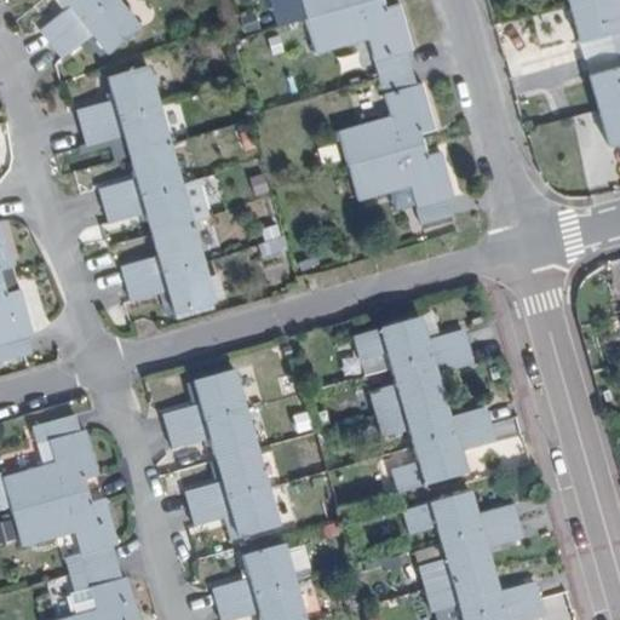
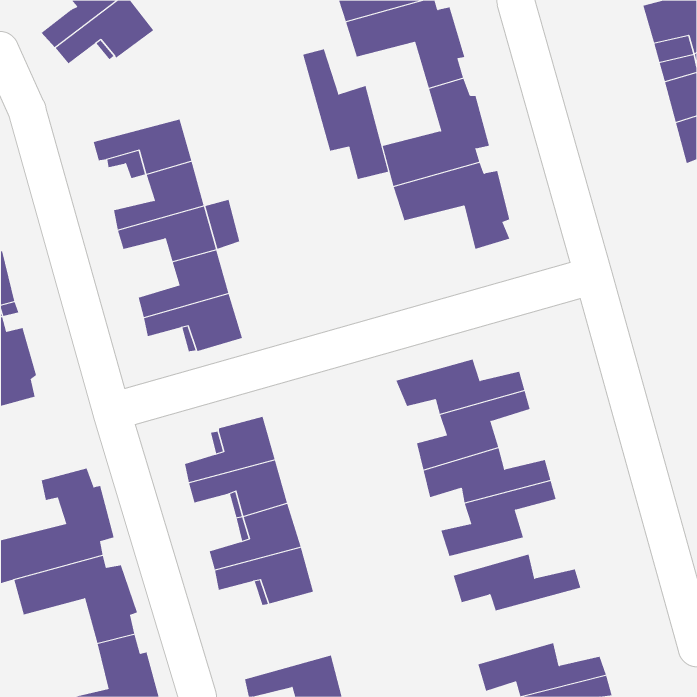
building: none -> [303,49,389,180]
building: [78,65,160,126] -> none
building: [418,522,521,590] -> none
building: [211,541,294,603] -> none

